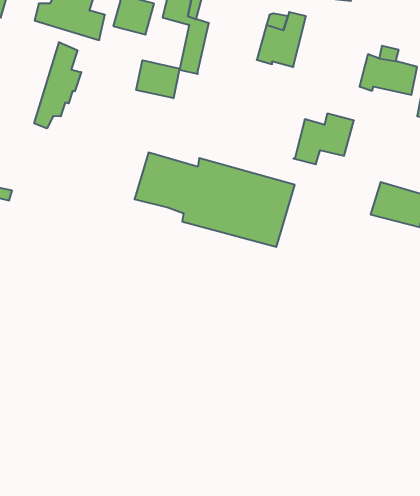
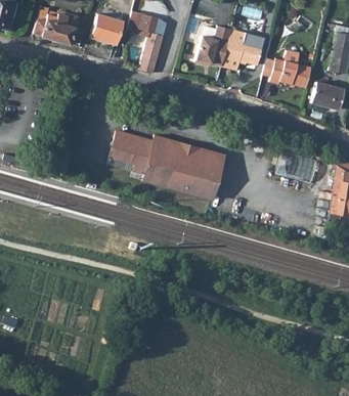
building: [34,42,81,128] -> none
building: [136,60,180,98] -> none
building: [293,114,354,164] -> [221,34,265,71]

